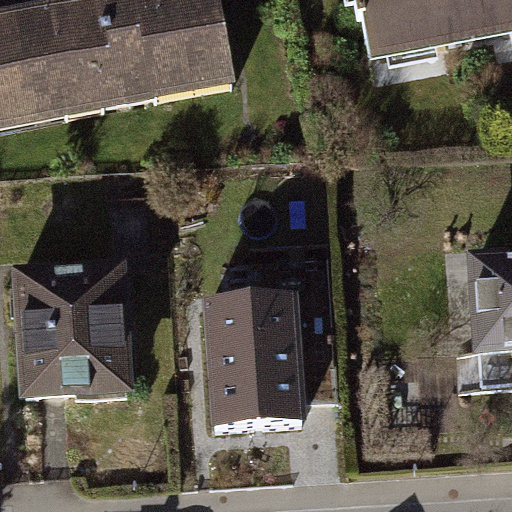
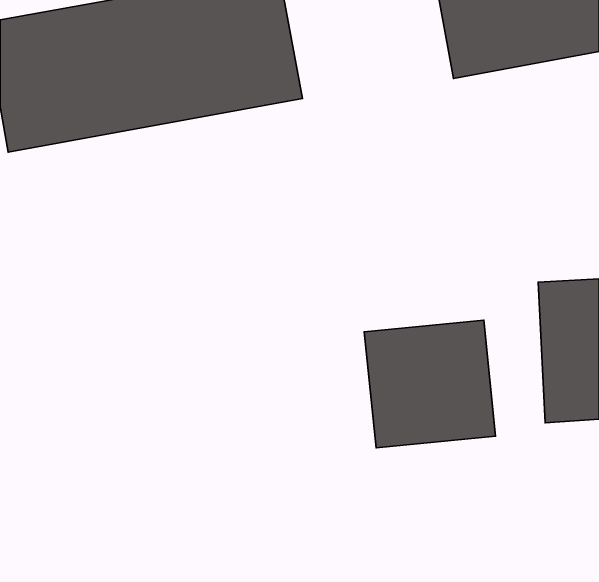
building: [11,251,131,390] -> none
building: [193,288,305,397] -> [364,320,496,448]

